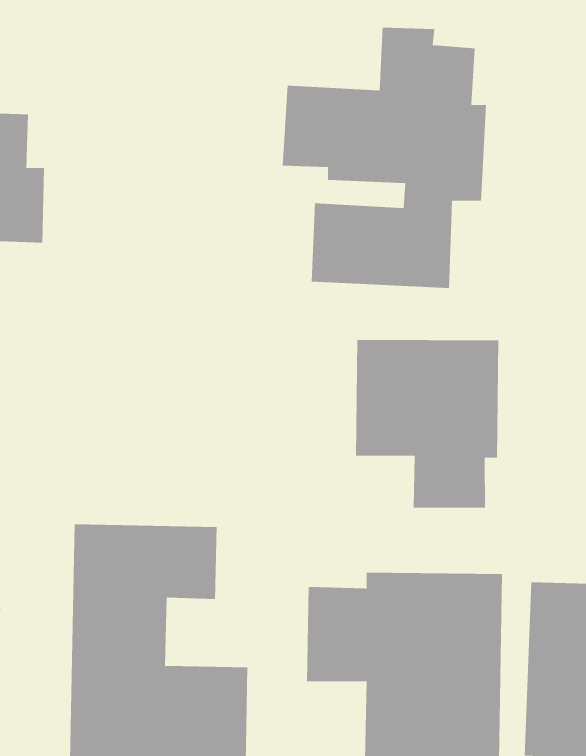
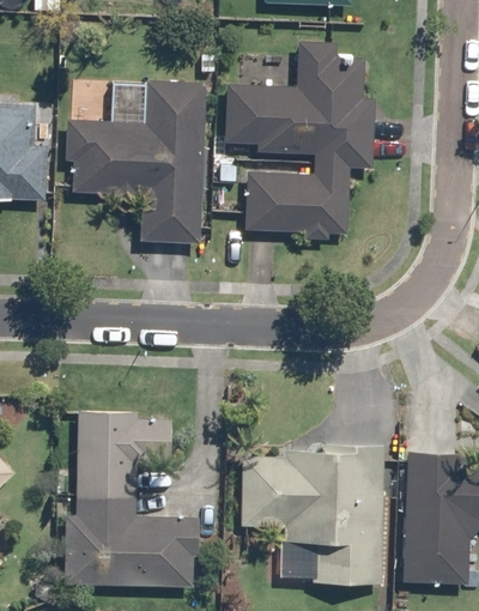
building: none -> [66,80,206,244]
building: [355,339,499,508] -> none

